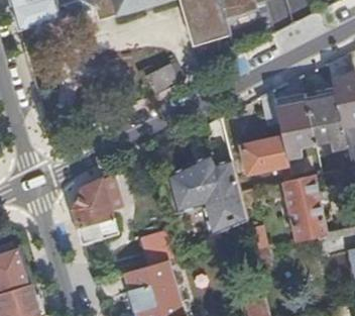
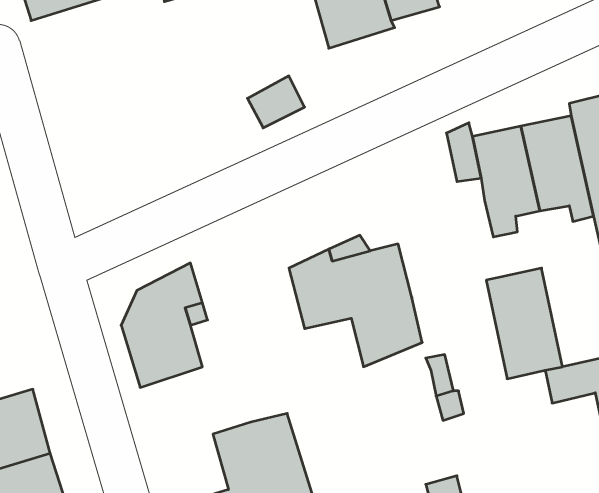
building: [240,136,292,183] -> none
building: [138,229,175,266] -> none

